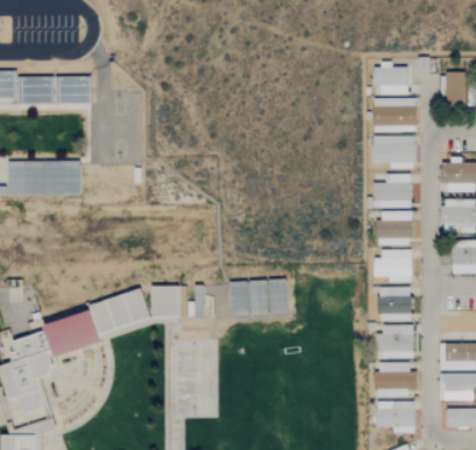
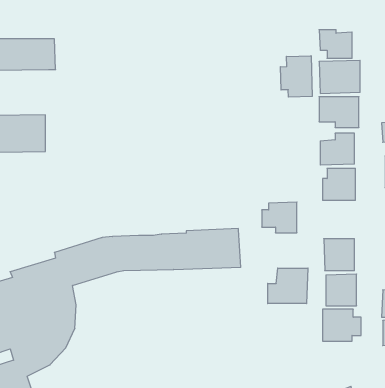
building: none -> [280,56,312,97]
building: [373,249,411,282] -> [262,202,297,233]
building: none -> [268,268,308,304]
building: [376,400,413,432] -> none

